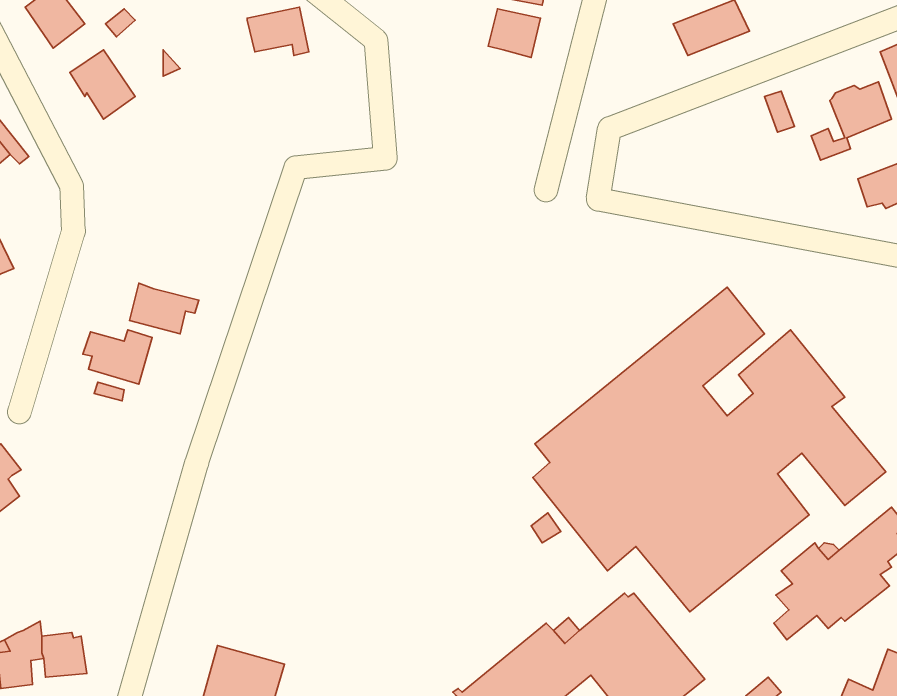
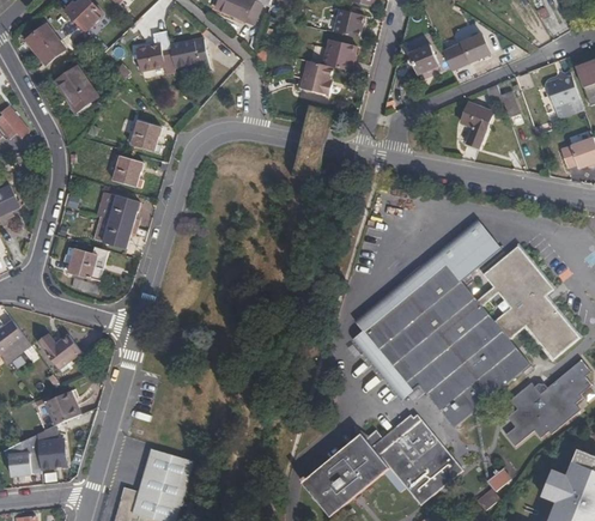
building: none -> [135,43,175,73]
building: none -> [408,44,438,74]
building: none -> [300,60,333,95]
building: none -> [460,101,493,145]
building: none -> [130,121,162,152]
building: none -> [113,156,142,187]
building: none -> [109,195,139,226]
building: none -> [38,333,79,366]
building: none -> [45,390,81,424]

